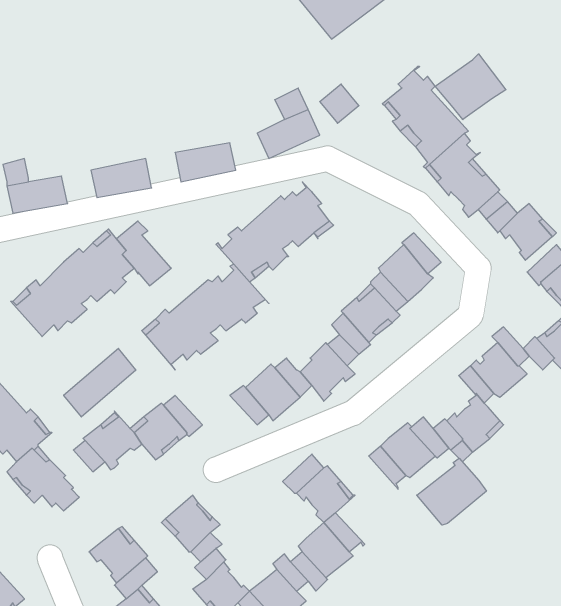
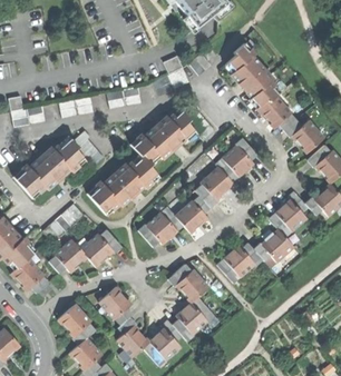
building: [435,54,506,120] -> none
building: [417,458,486,525] -> none

